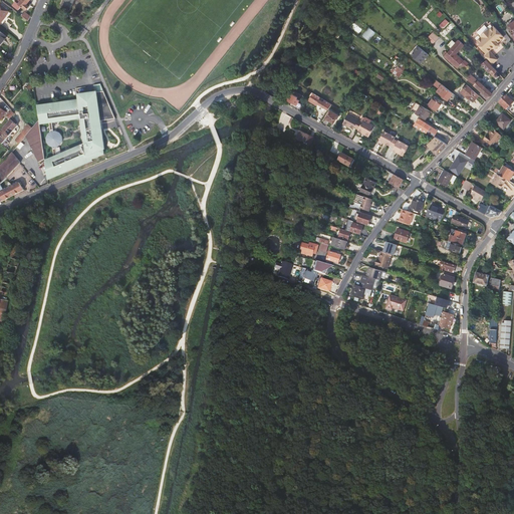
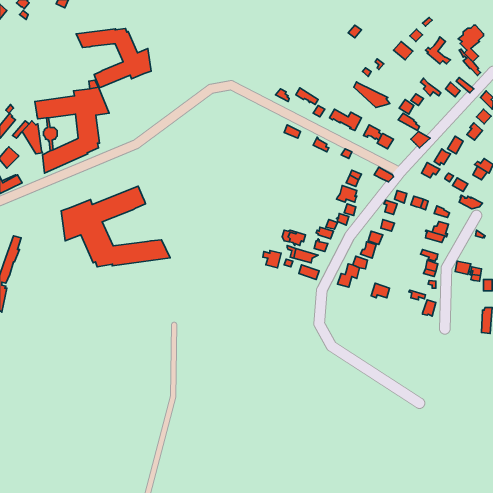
building: none -> [76,28,151,88]
building: none -> [354,82,390,108]
building: none -> [61,186,170,267]

